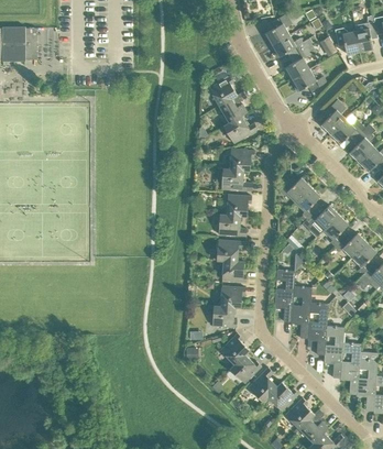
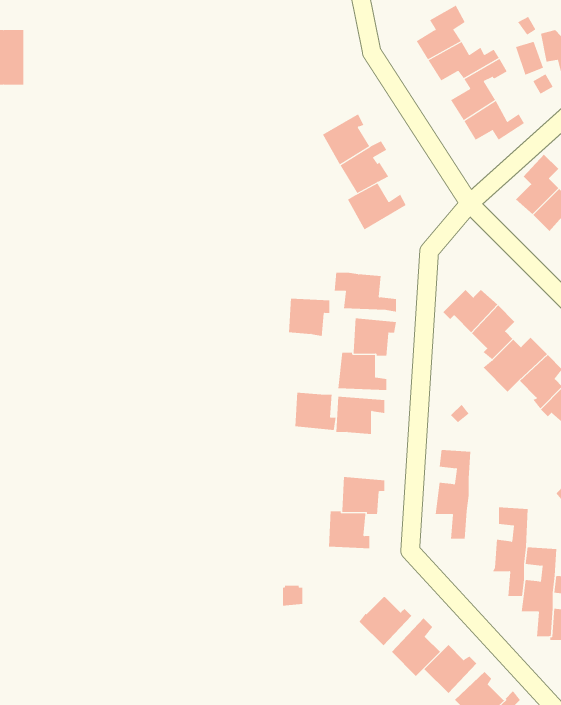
building: [229,149,253,171] -> [288,298,330,336]
building: [221,260,245,282] -> [294,392,336,430]
building: [291,286,310,338] -> none
building: [219,332,249,364] -> none

